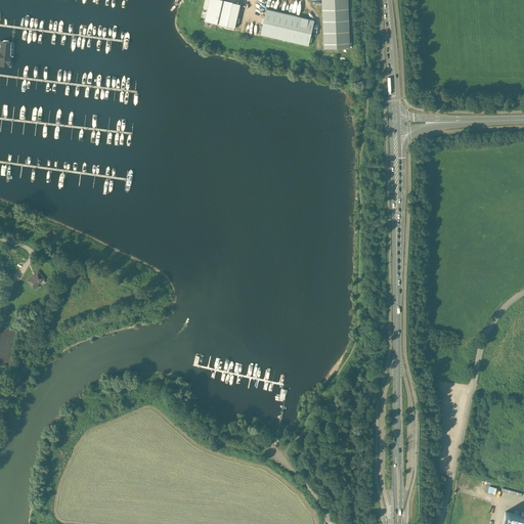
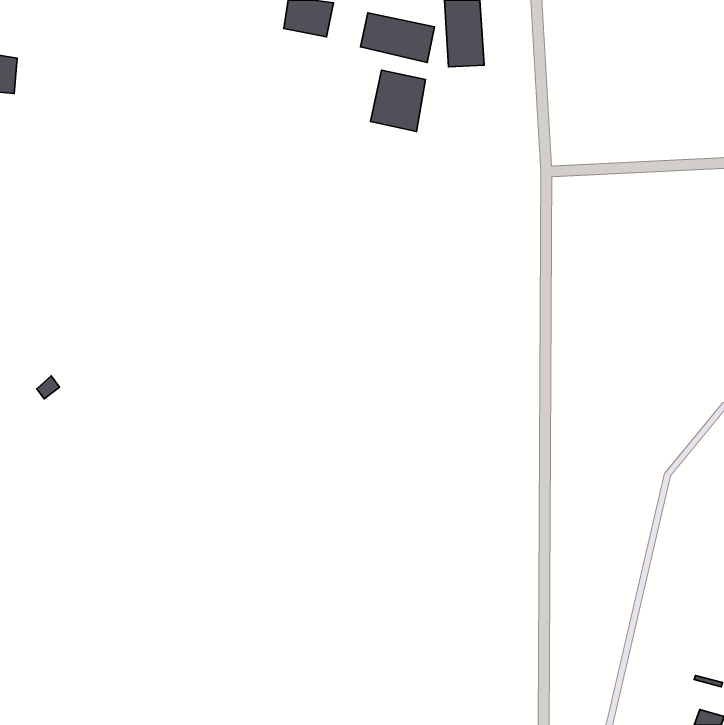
building: none -> [371,70,426,132]

